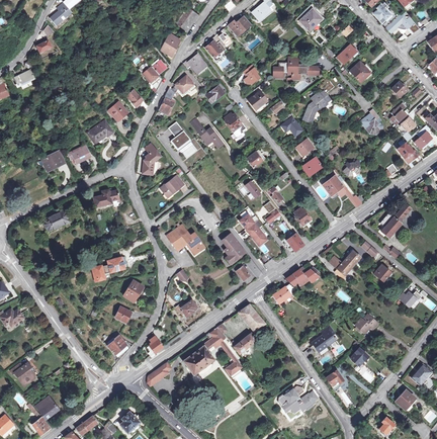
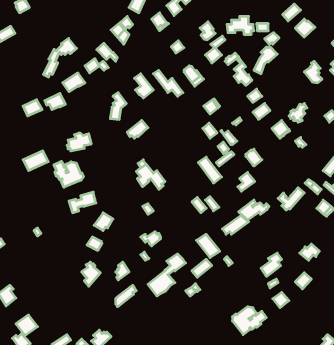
building: [158,74,195,117] -> [43,38,77,77]
building: none -> [54,161,83,187]
building: [223,232,246,263] -> none

